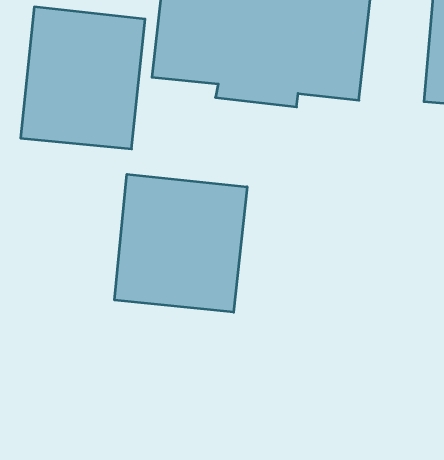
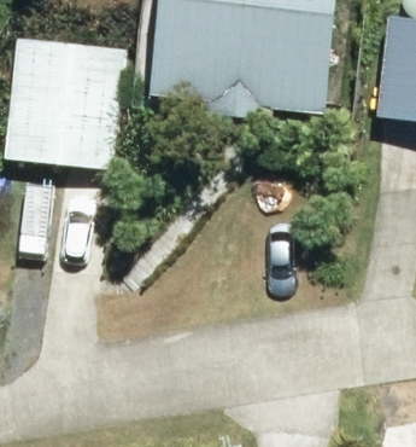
building: [115,174,247,312] -> none

